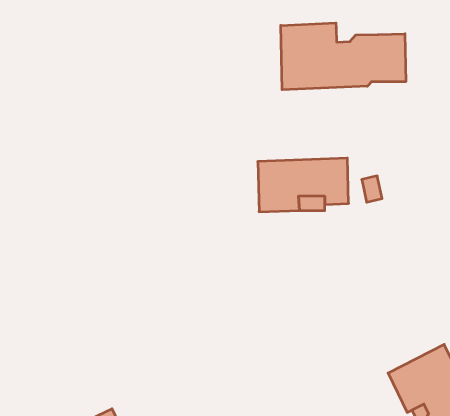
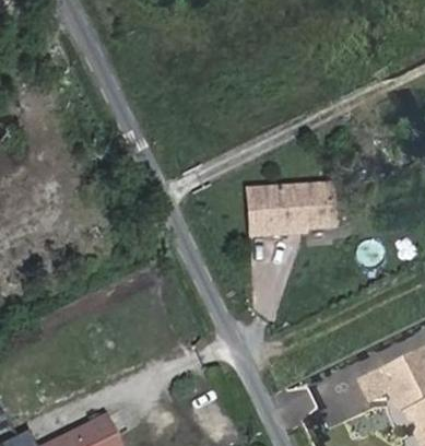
building: [281,23,406,90] -> none

